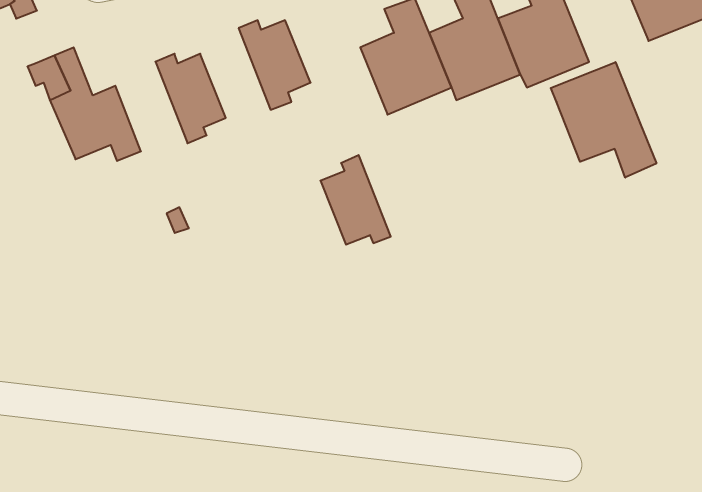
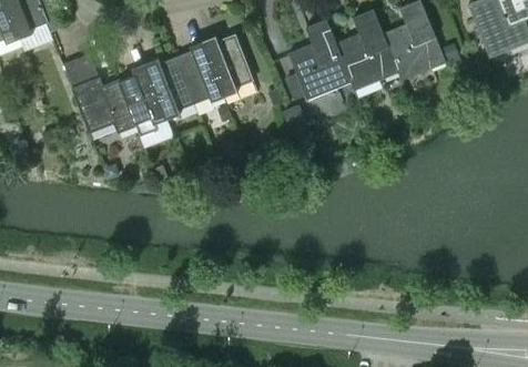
building: none -> [116,64,166,137]
building: [551,62,656,178] -> none
building: [320,155,391,245] -> [175,41,224,103]

